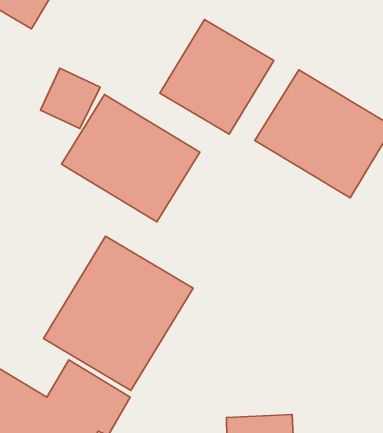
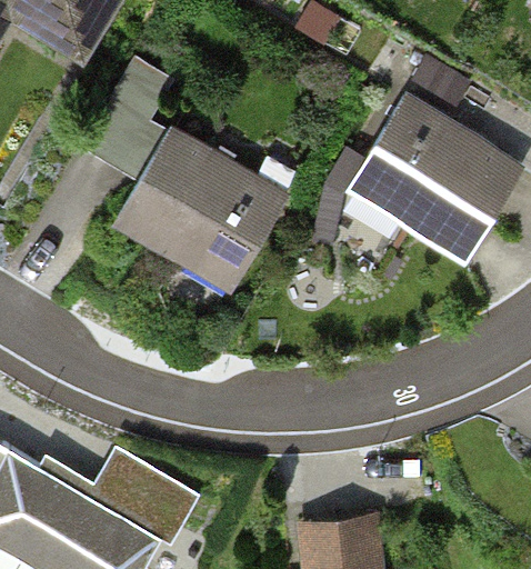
building: [160,19,274,134] -> none
building: [43,236,193,390] -> none

